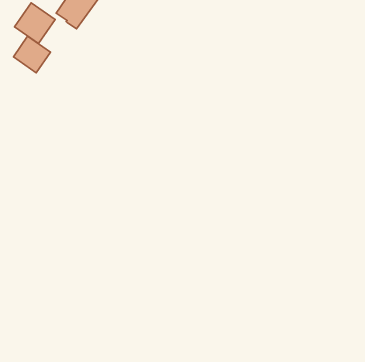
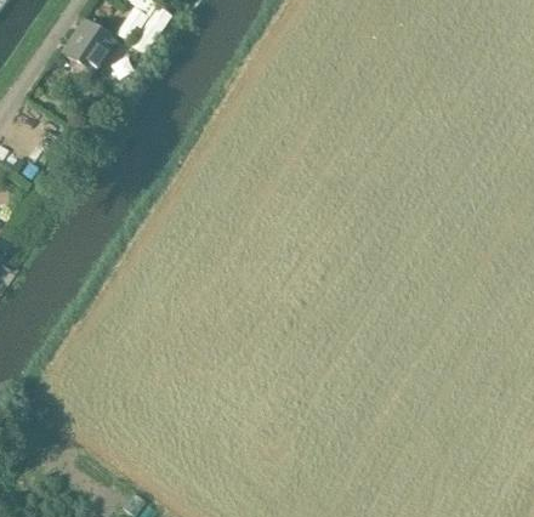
building: [13,36,51,73] -> none

